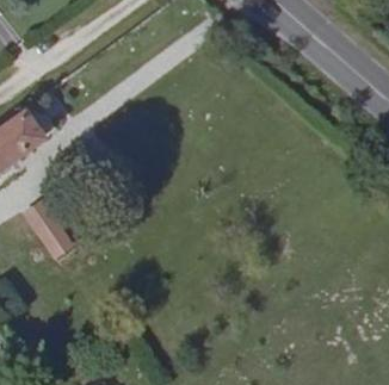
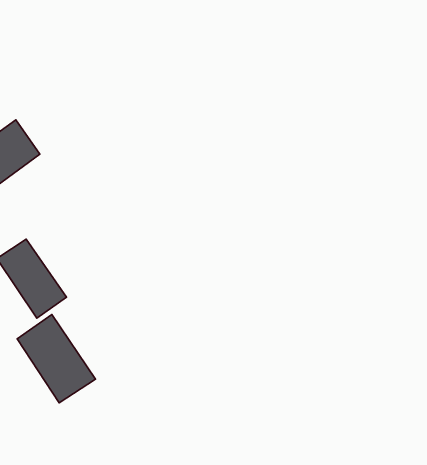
building: none -> [17,315,95,403]

